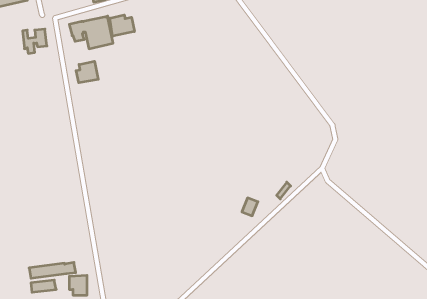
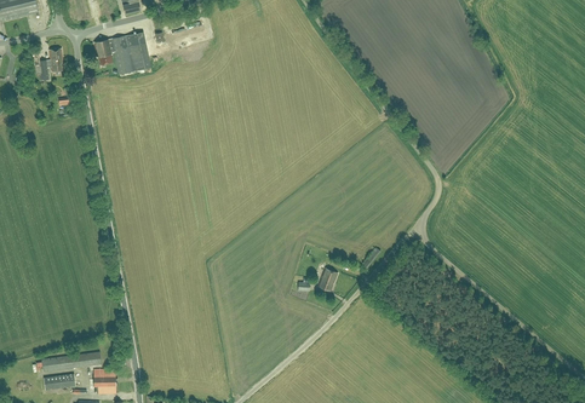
building: [110,15,134,36] -> none
building: [76,61,98,83] -> none

